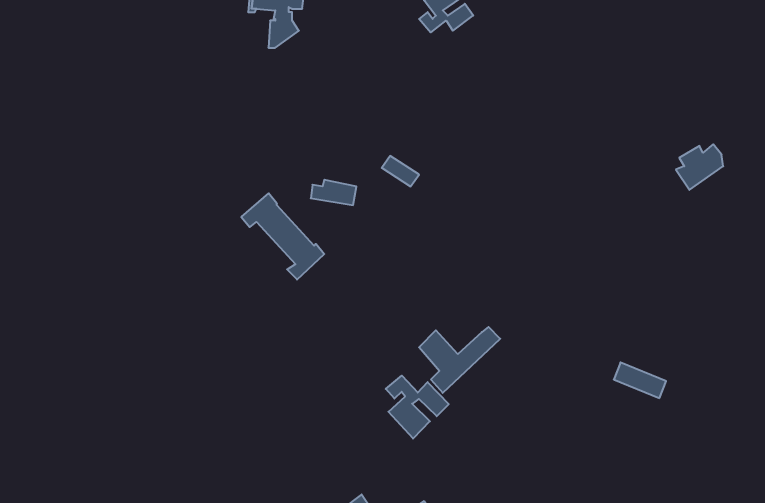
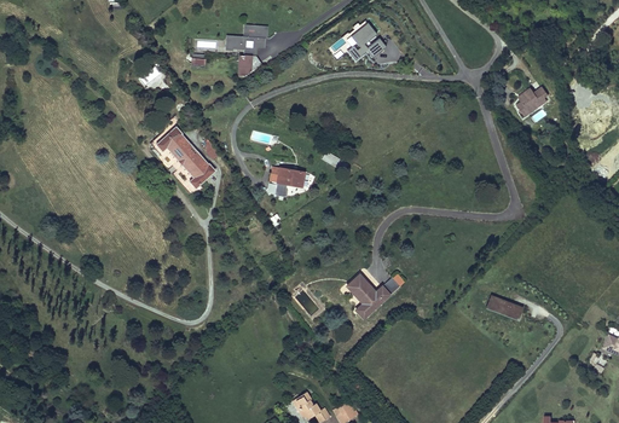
building: [676,144,723,190] -> [513,85,546,117]
building: [241,193,324,280] -> [155,127,214,189]
building: [386,376,449,439] -> none

